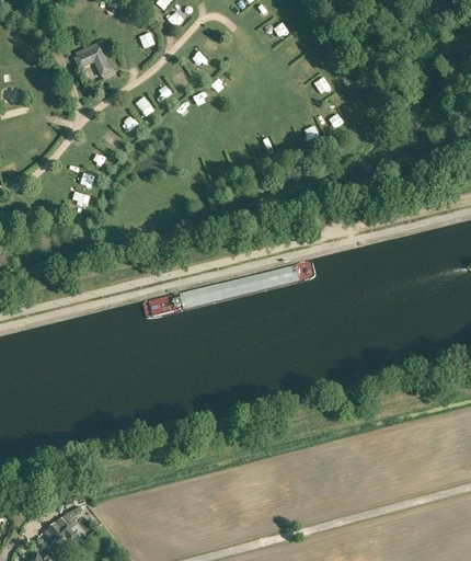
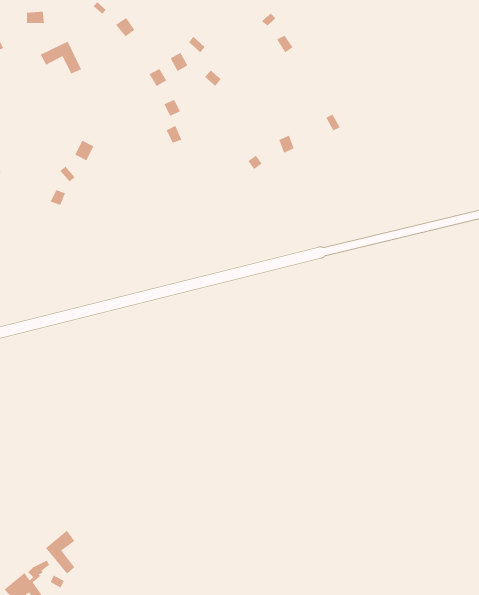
building: none -> [45,530,75,575]

